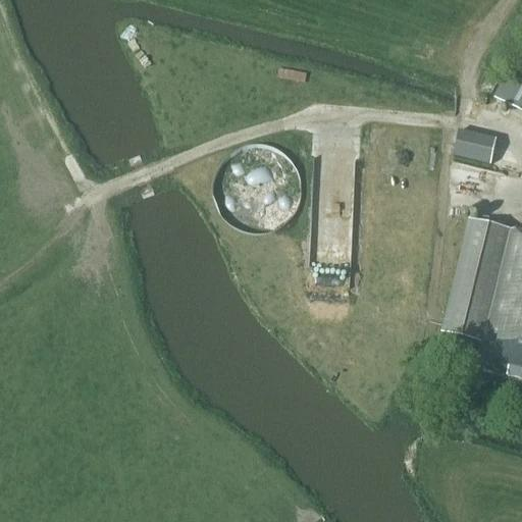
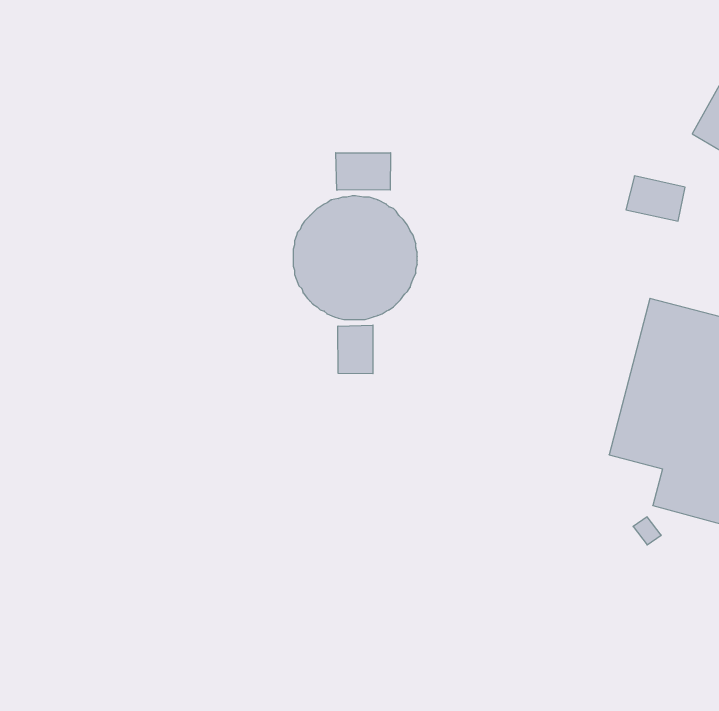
building: none -> [336,153,391,190]
building: none -> [338,325,373,374]

